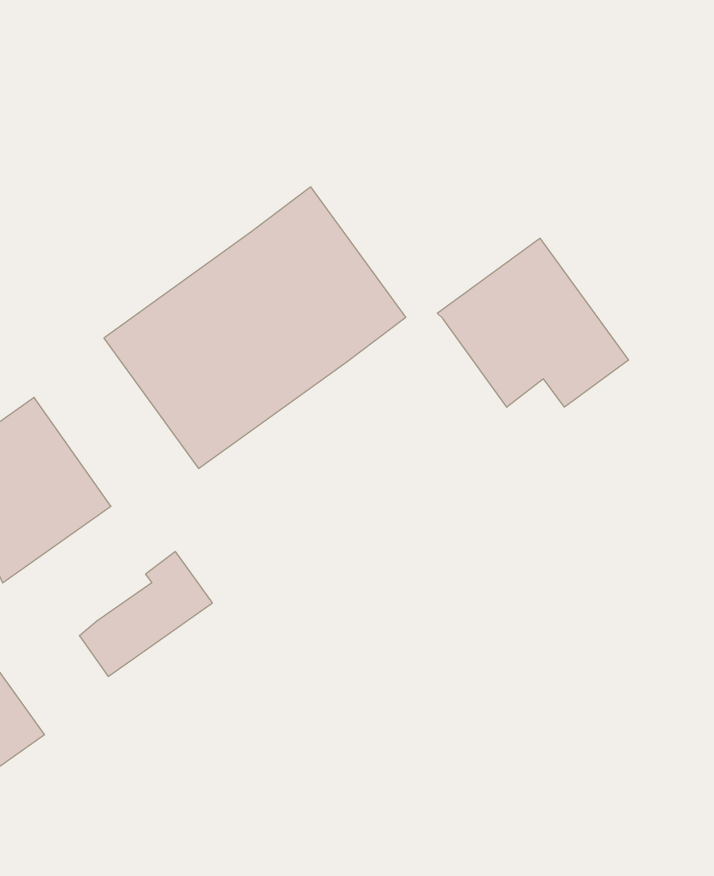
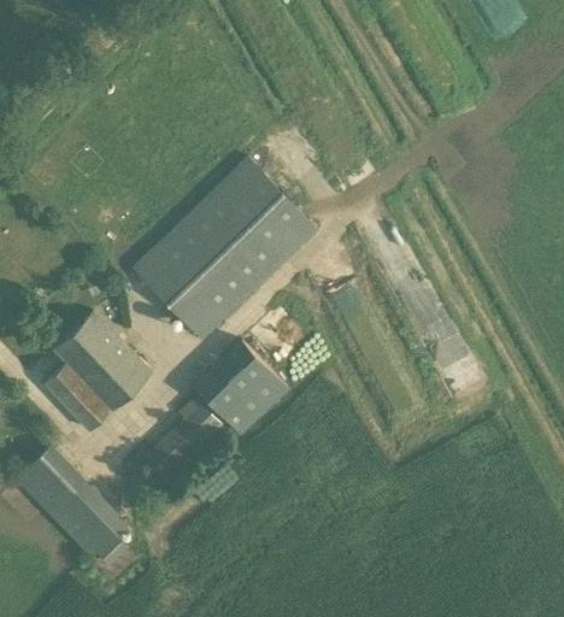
building: [437,238,629,407] -> none
building: none -> [193,341,289,435]

